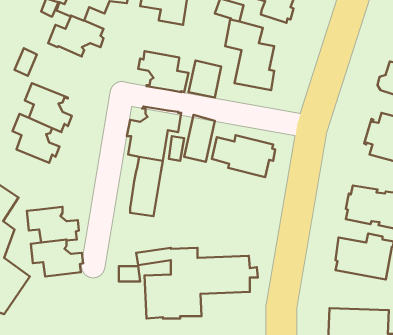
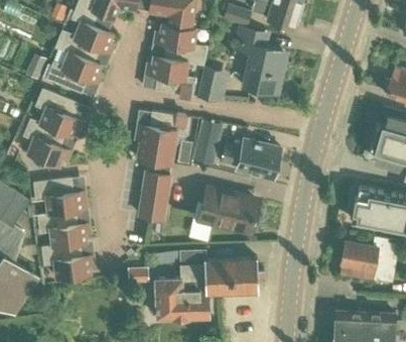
building: none -> [155,24,205,66]
building: none -> [46,51,101,93]
building: none -> [33,177,85,213]
building: none -> [200,189,256,231]

